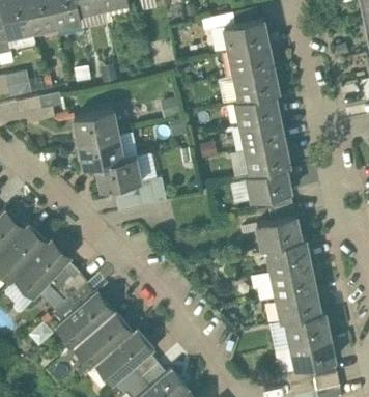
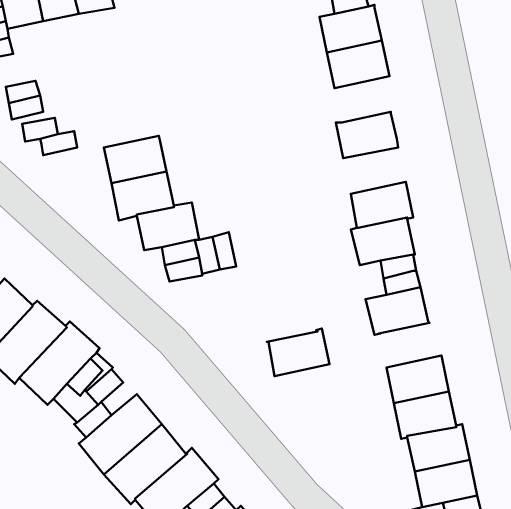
building: [234,70,278,103] -> none
building: [240,120,284,152] -> none
building: [265,240,309,274] -> [267,329,329,376]

